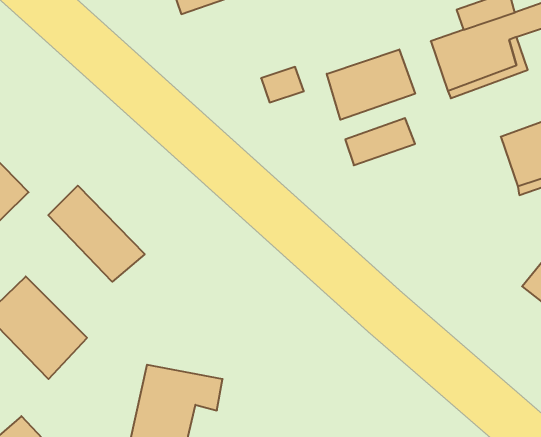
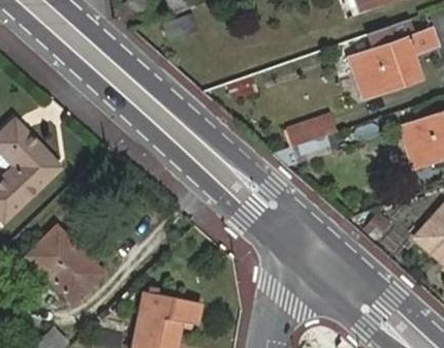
building: [327,49,415,120] -> none
building: [48,186,145,282] -> none

